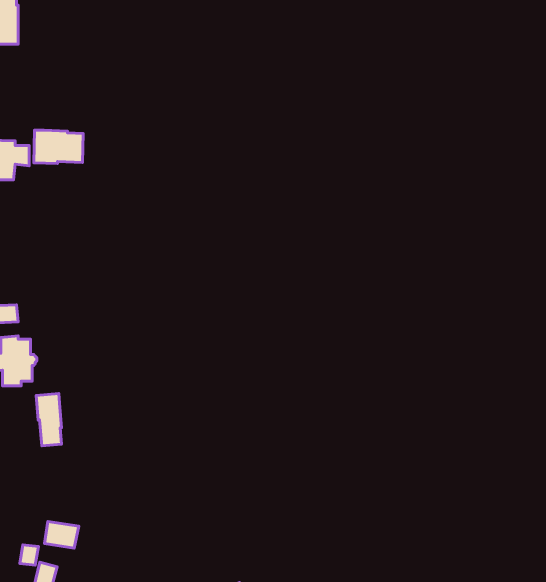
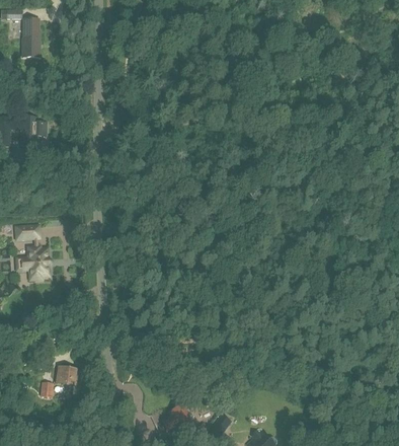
building: [34,130,83,164] -> none
building: [36,394,62,446] -> none

